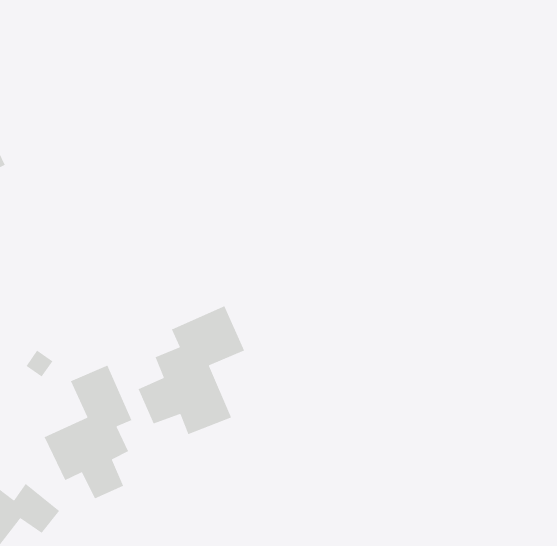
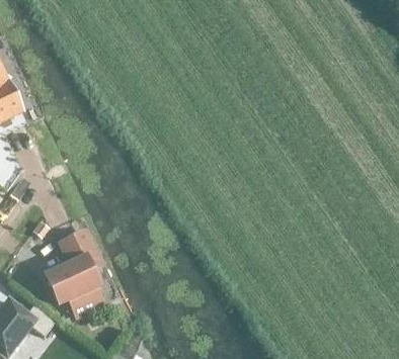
building: [138,305,245,435] -> none

